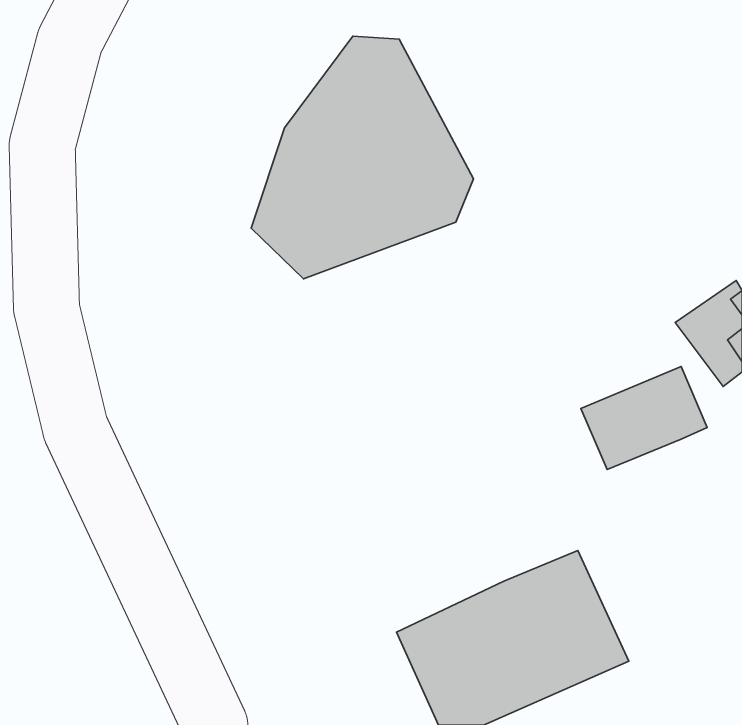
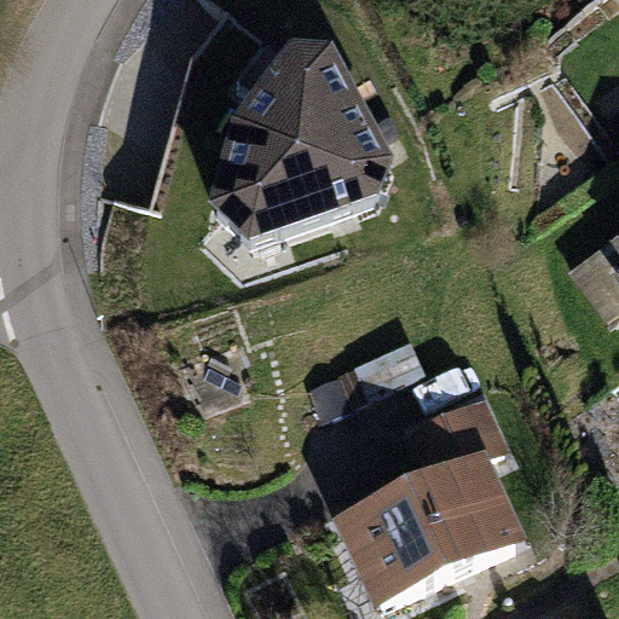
building: [581,366,707,470] -> [398,398,503,484]

